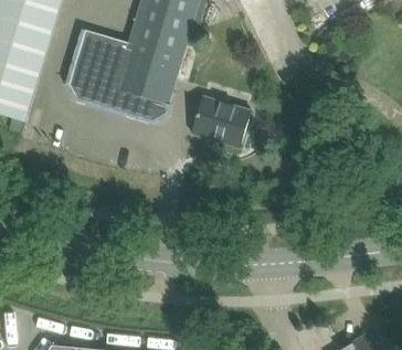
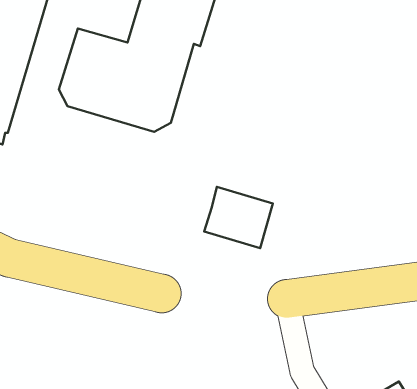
building: [191,96,251,149] -> [204,187,273,248]

